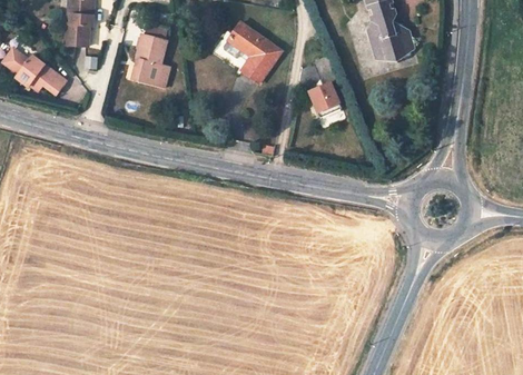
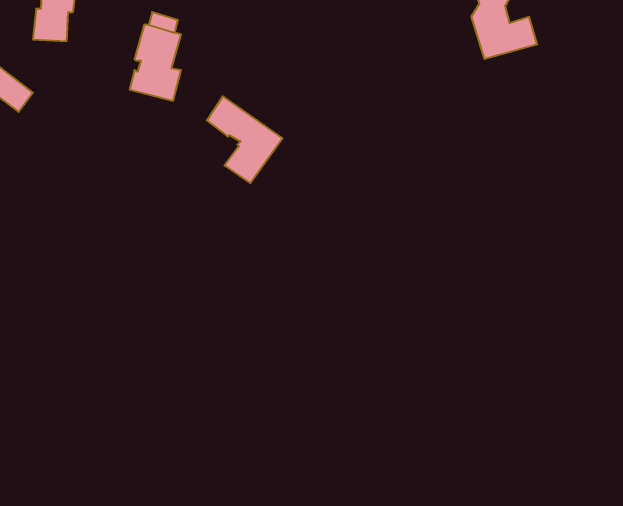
building: [228,23,280,83] -> [207,96,282,183]
building: [305,80,339,114] -> none

